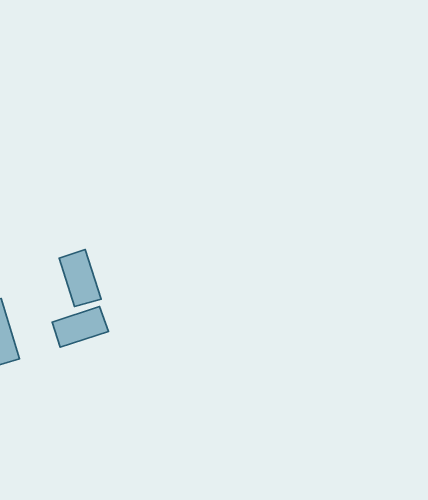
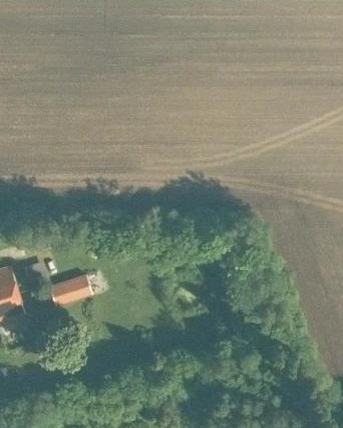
building: [59,249,101,307] -> none

